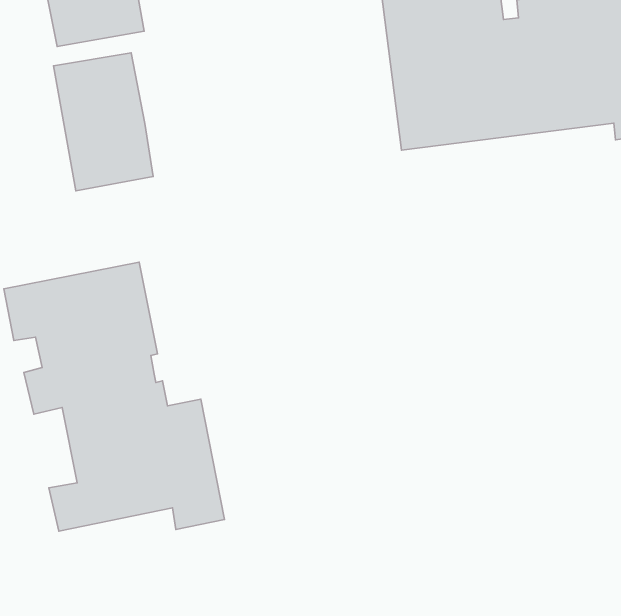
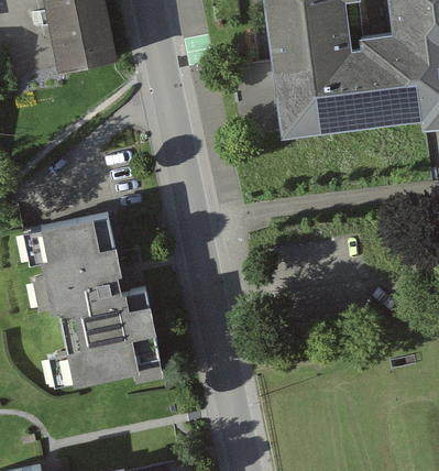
building: [54,53,153,191] -> none

